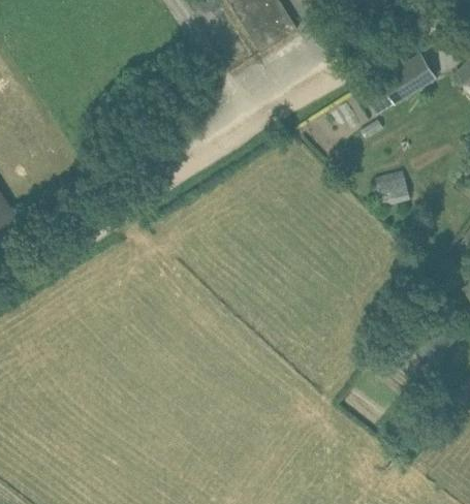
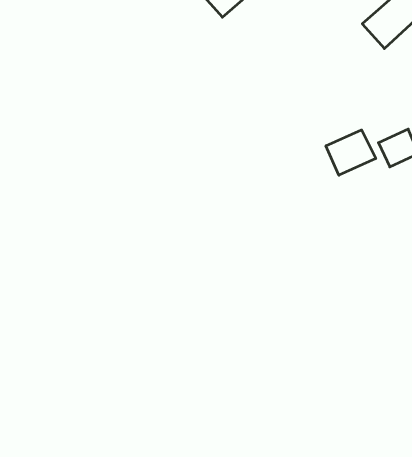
building: none -> [326,130,376,175]

